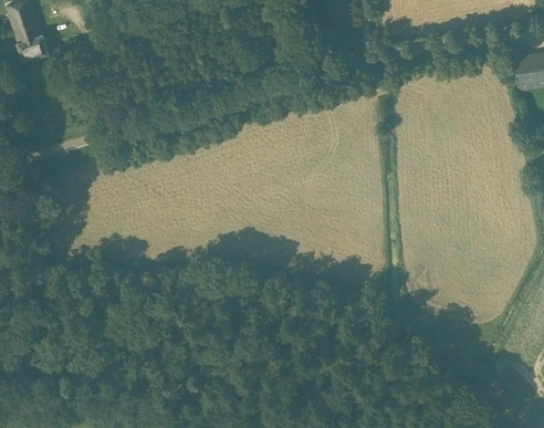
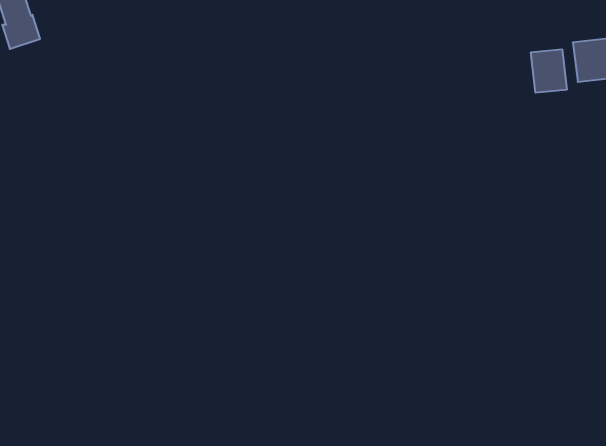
building: none -> [531,49,567,93]

